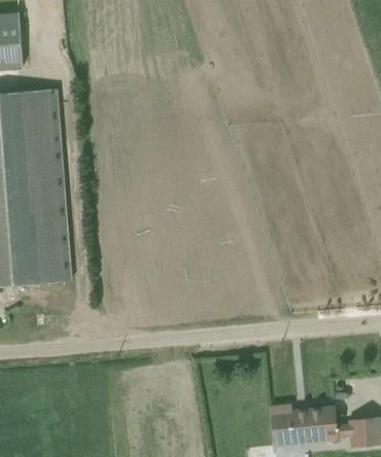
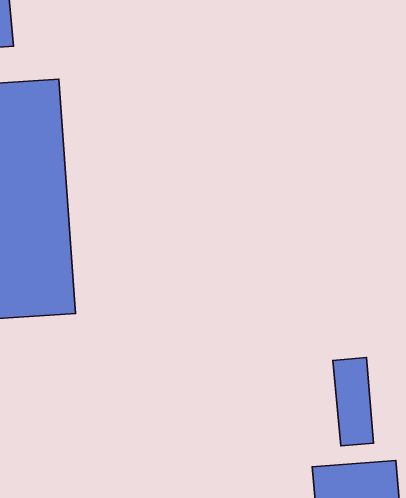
building: none -> [333,358,373,446]

